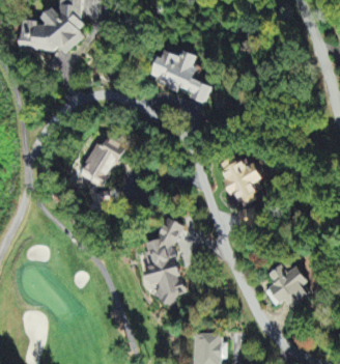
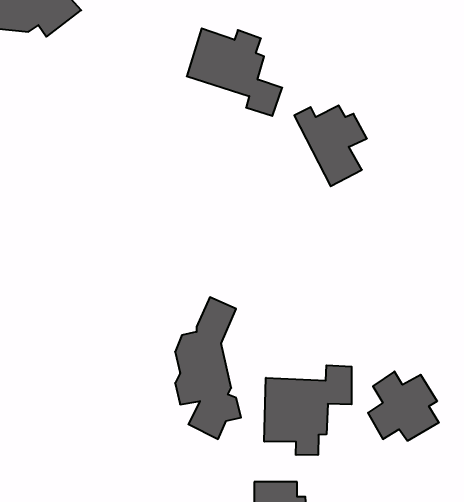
building: [79,136,123,186] -> none
building: [217,158,262,208] -> [294,105,367,186]
building: none -> [264,365,352,455]

